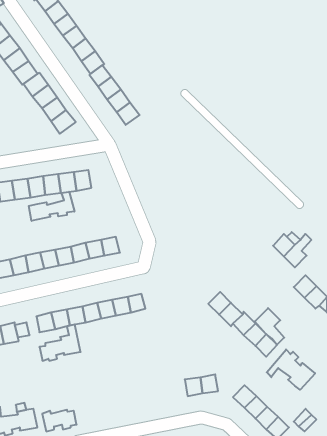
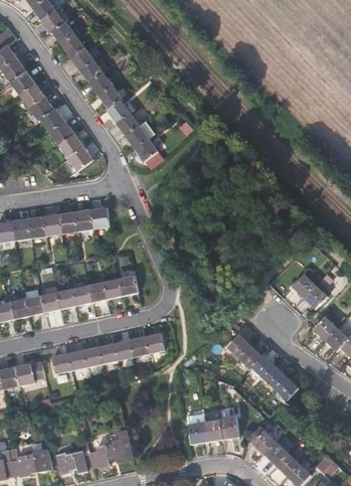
building: [29,192,74,221] -> none
building: [255,308,284,345] -> none
building: [39,324,81,361] -> [91,431,133,468]
building: [267,349,315,390] -> none
building: none -> [188,414,207,441]

